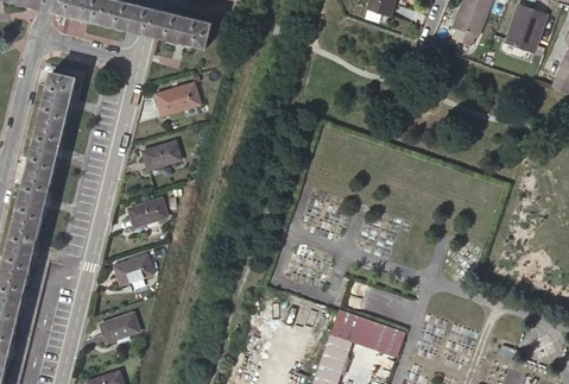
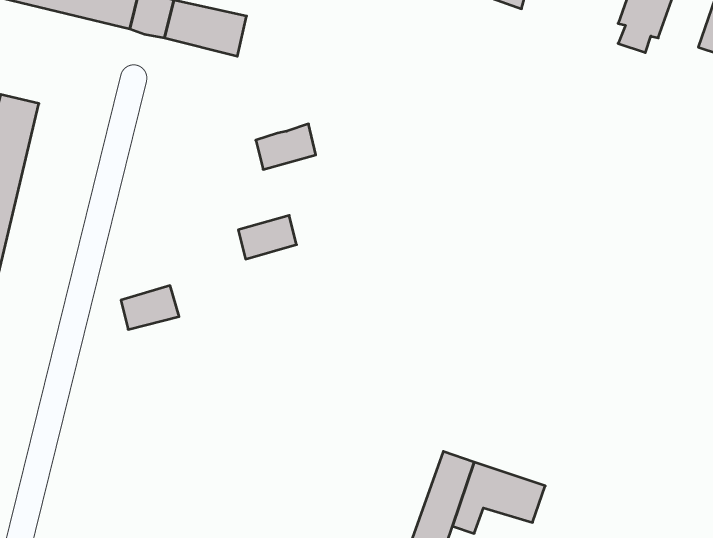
building: [157,83,196,113] -> [256,124,316,169]
building: [143,139,181,168] -> [238,215,297,259]
building: [114,257,152,284] -> none
building: [100,314,139,344] -> none

